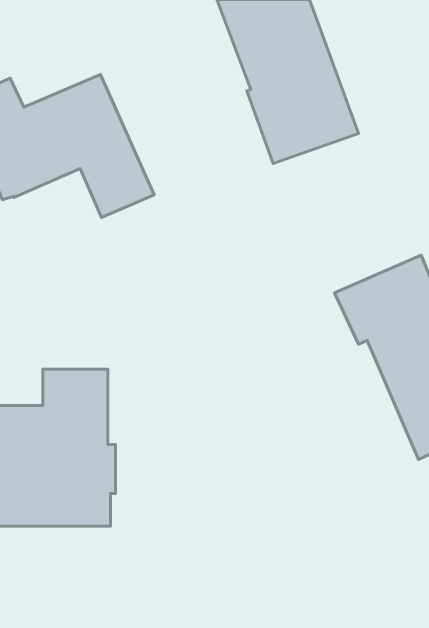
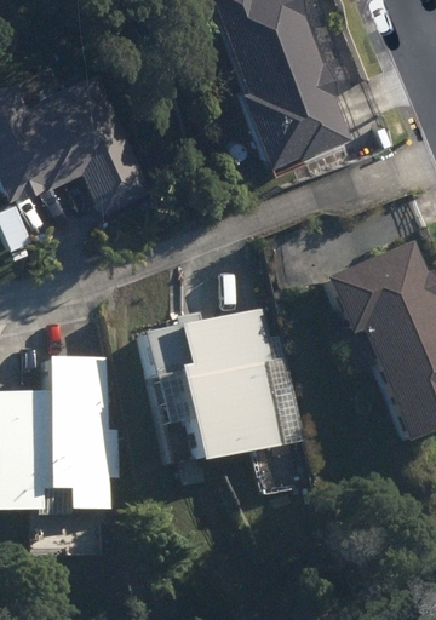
building: none -> [138,311,282,464]

